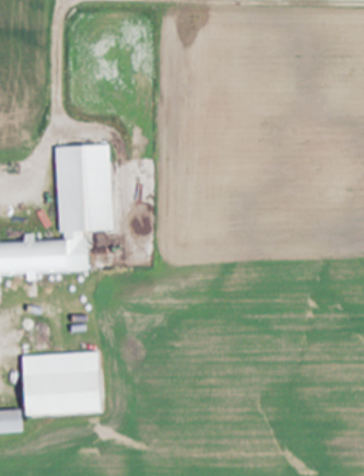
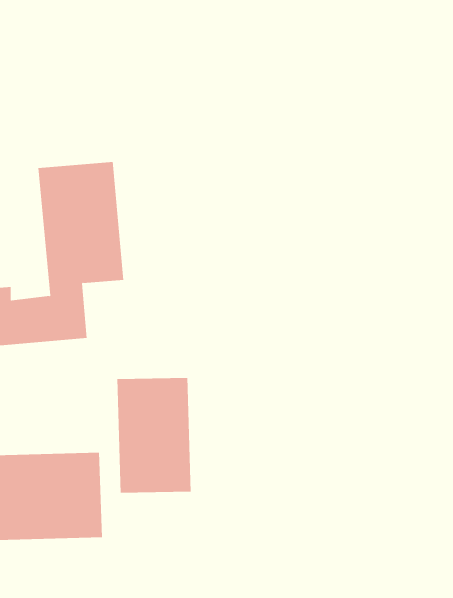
building: none -> [117,377,191,494]

